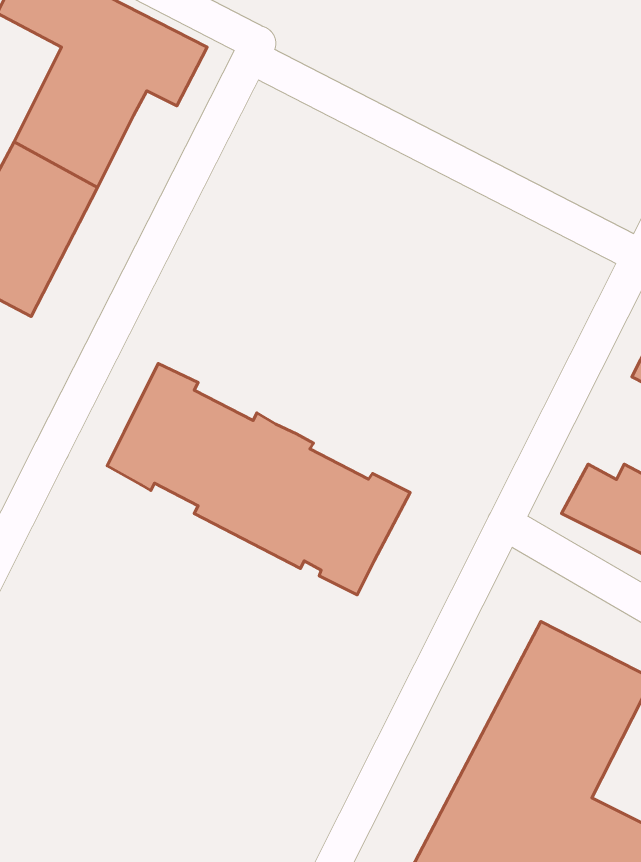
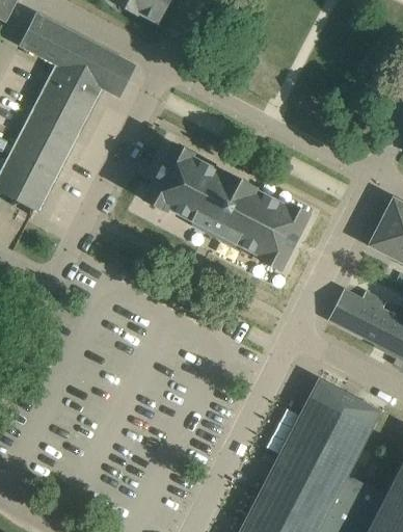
building: [107,364,410,595] -> [143,143,310,270]

